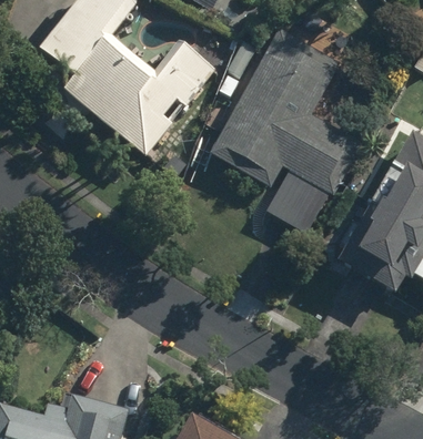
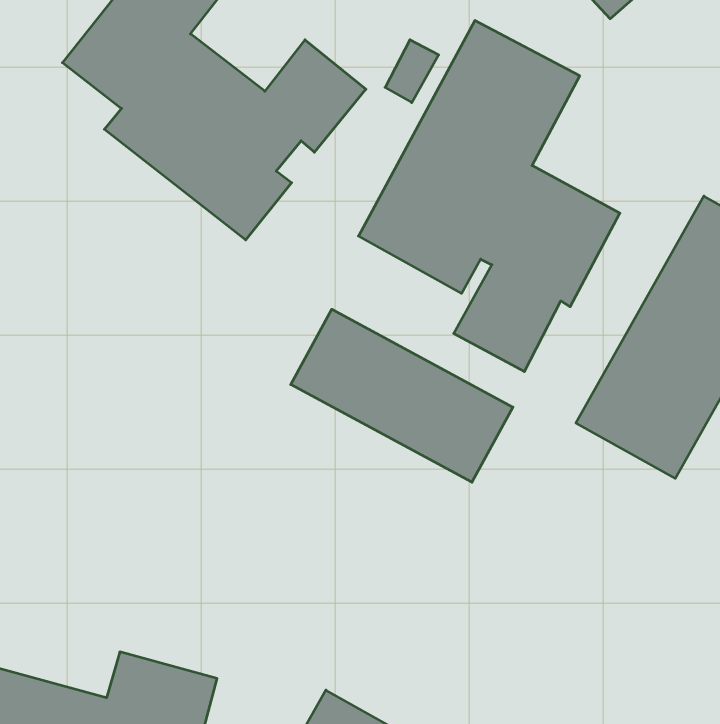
building: none -> [291,309,513,482]

